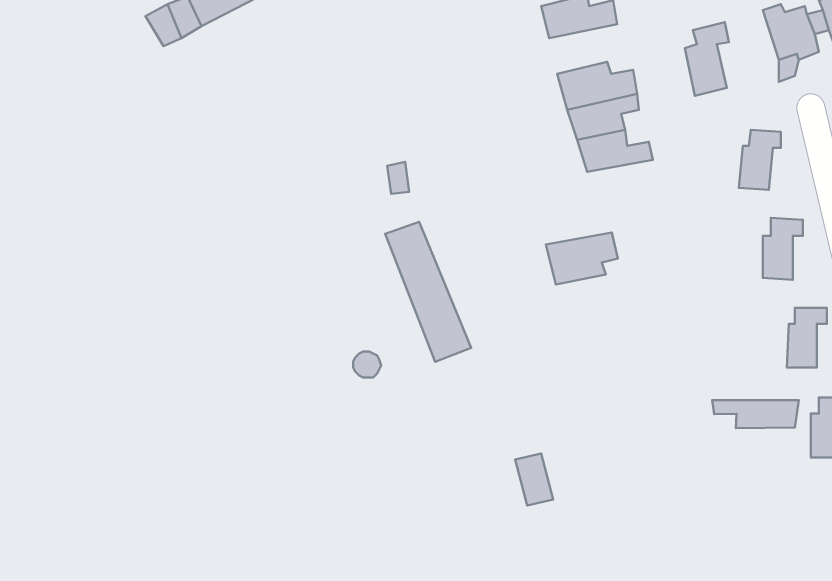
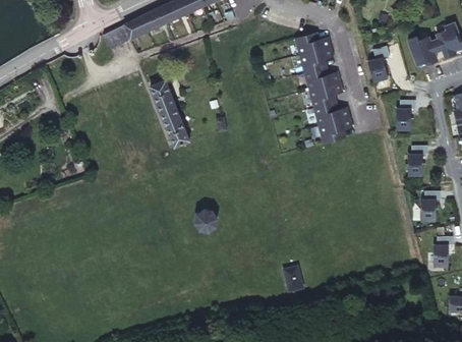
building: none -> [298,45,336,70]
building: [385,222,471,362] -> [147,76,190,148]
building: [546,233,618,285] -> [317,114,354,140]
building: [712,400,799,428] -> none

